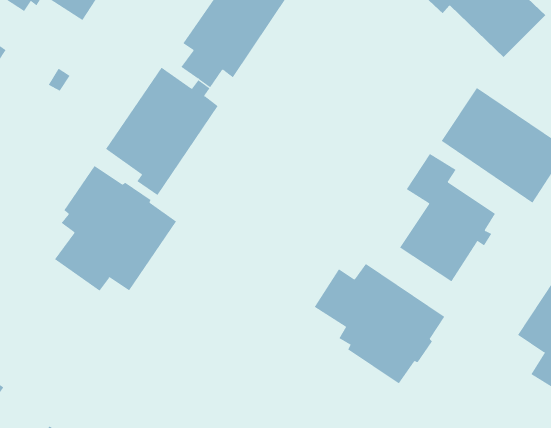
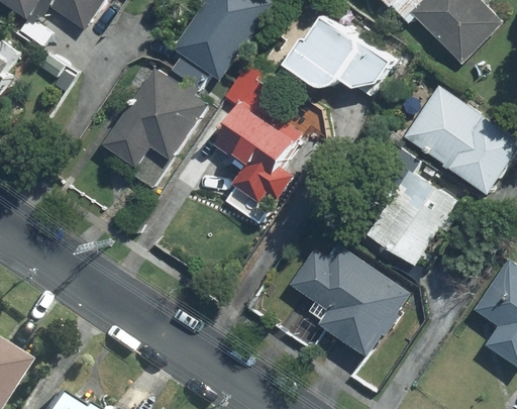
building: none -> [286,14,394,95]
building: none -> [214,65,300,199]
building: [54,165,177,291] -> none

